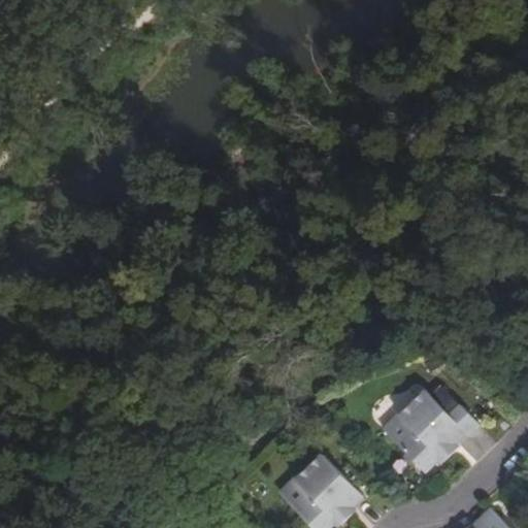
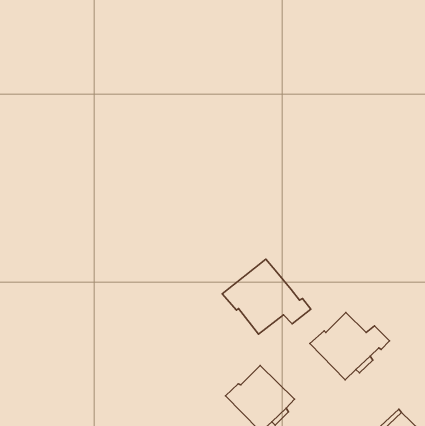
building: none -> [222,259,311,334]

